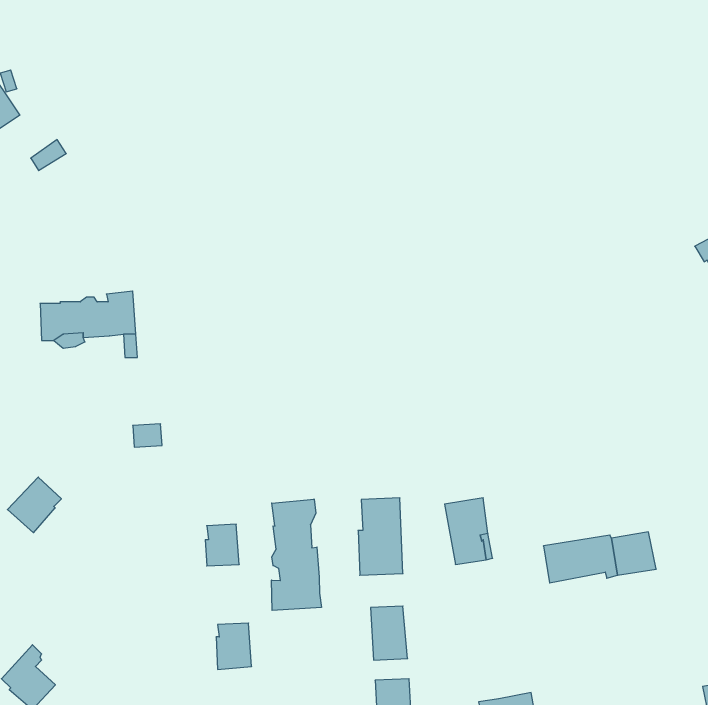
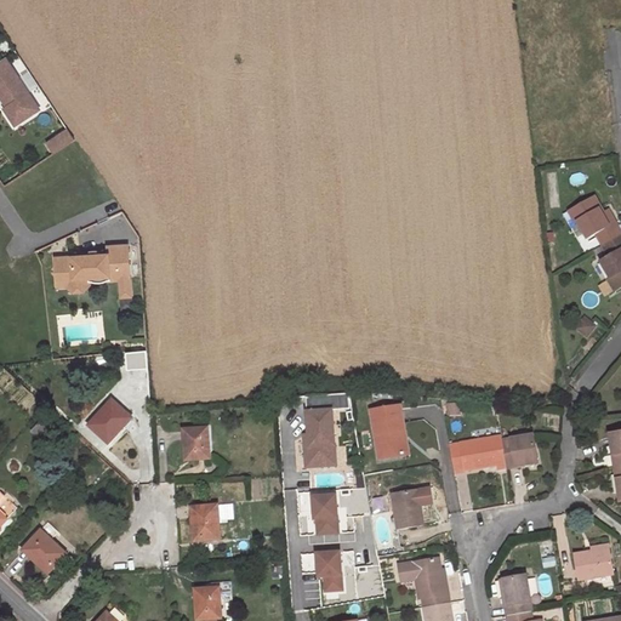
building: [7,477,61,533] -> [86,399,129,443]
building: [272,499,321,610] -> none
building: none -> [392,490,423,531]

